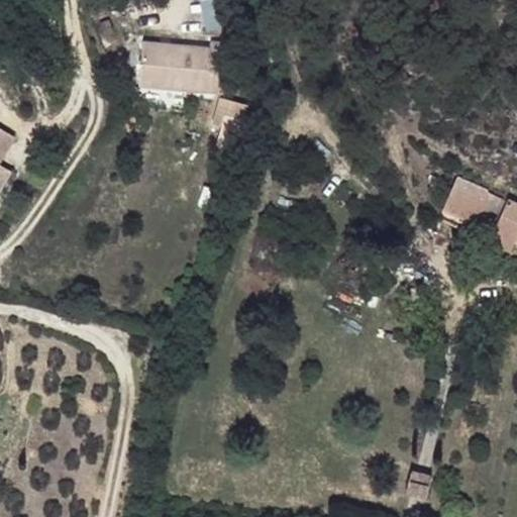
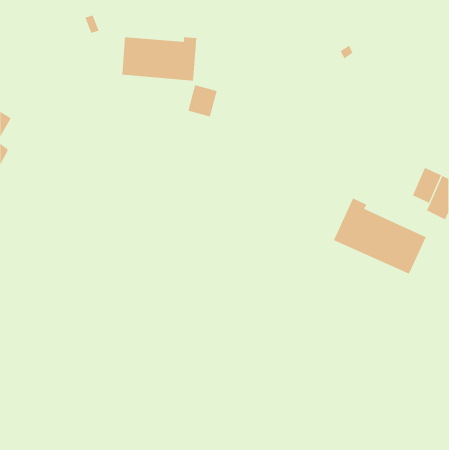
building: [441,176,488,224] -> none
building: none -> [333,198,427,274]

